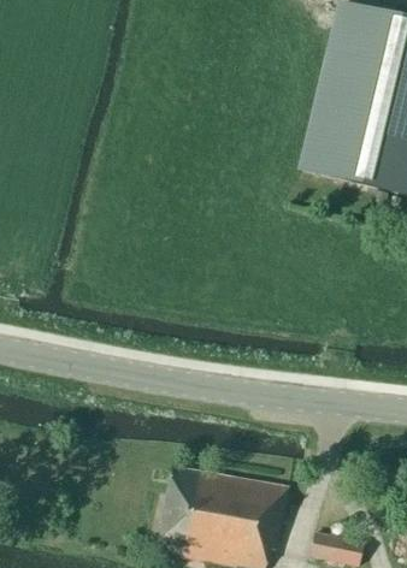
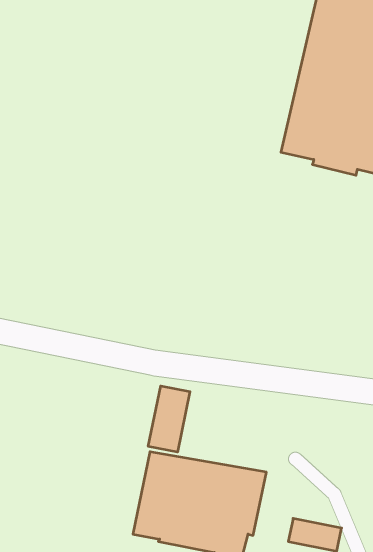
building: none -> [148,386,190,452]

